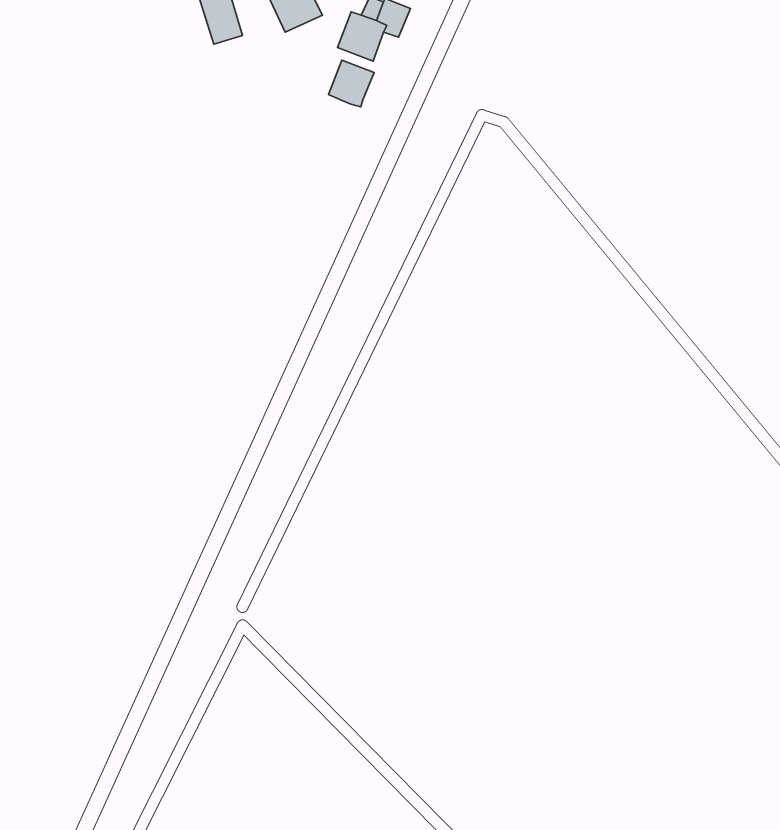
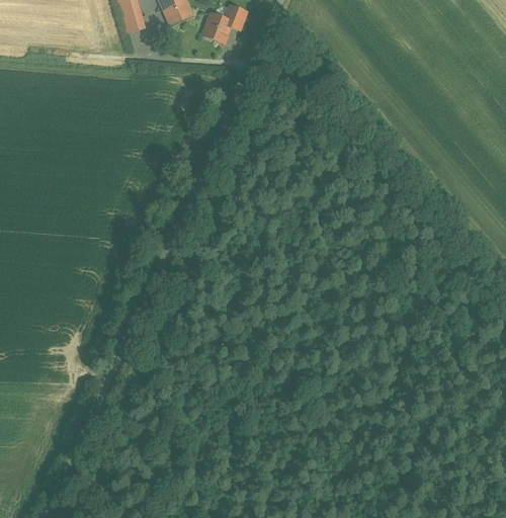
building: [329,60,374,107] -> none

